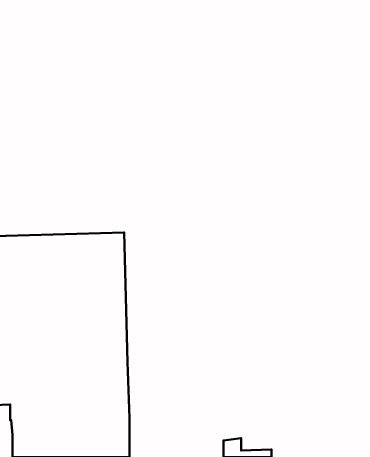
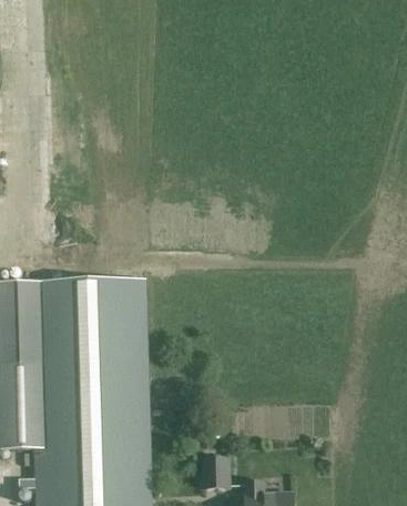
building: none -> [202,454,230,488]

